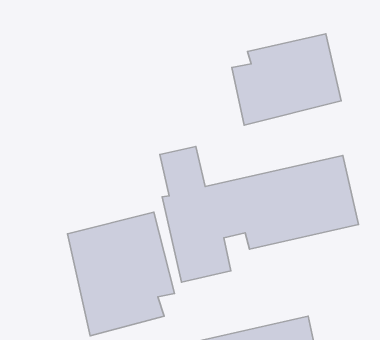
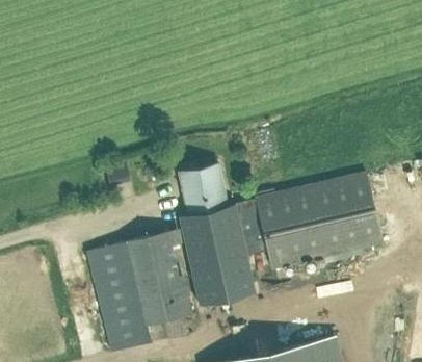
building: [232,34,341,125] -> none

